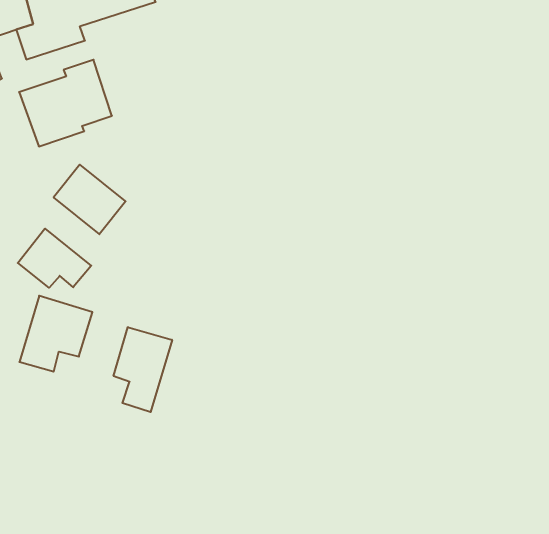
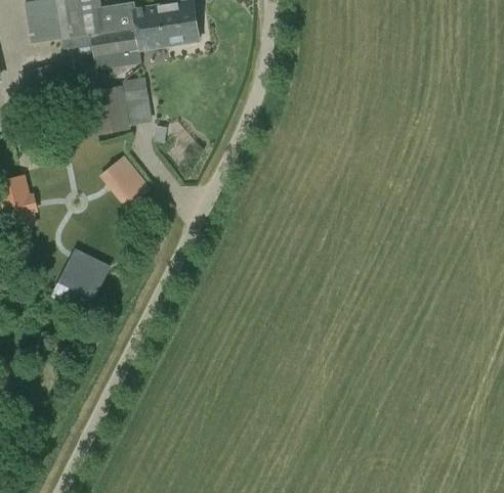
building: [18,229,91,288] -> none
building: [114,327,172,412] -> none

